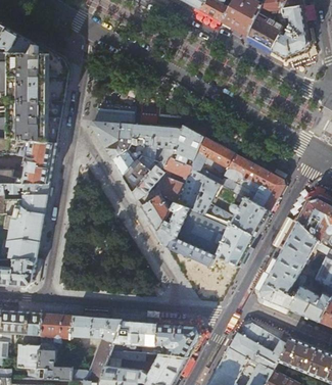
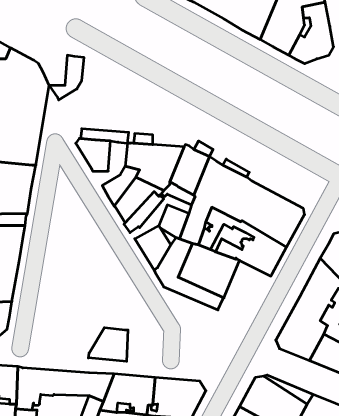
building: [103,122,133,159] -> [49,55,84,100]
building: [214,223,254,266] -> none
building: none -> [88,328,128,361]

